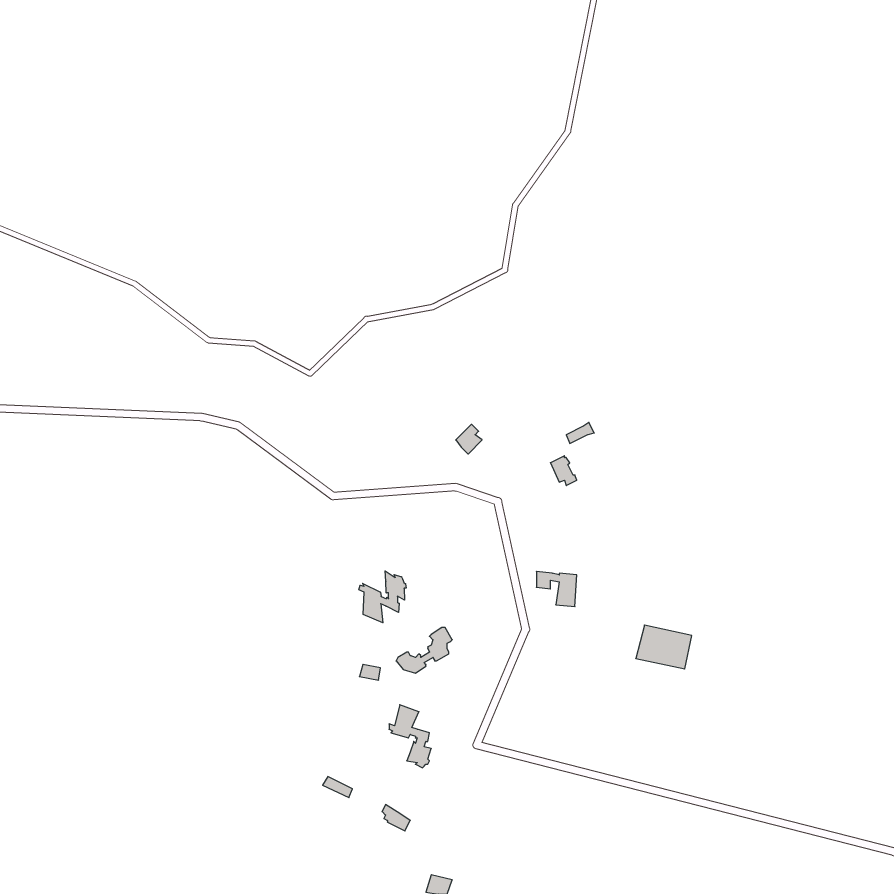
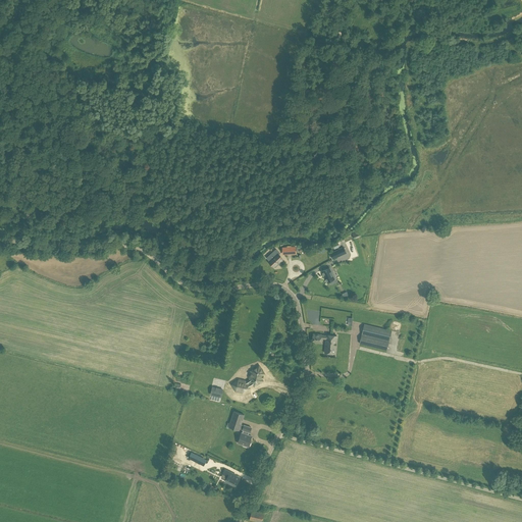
building: [359,571,406,623] -> none
building: [636,625,692,669] -> [358,323,390,349]

